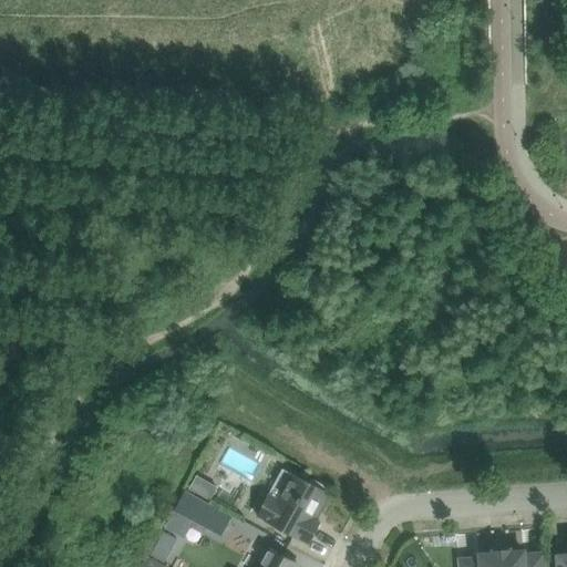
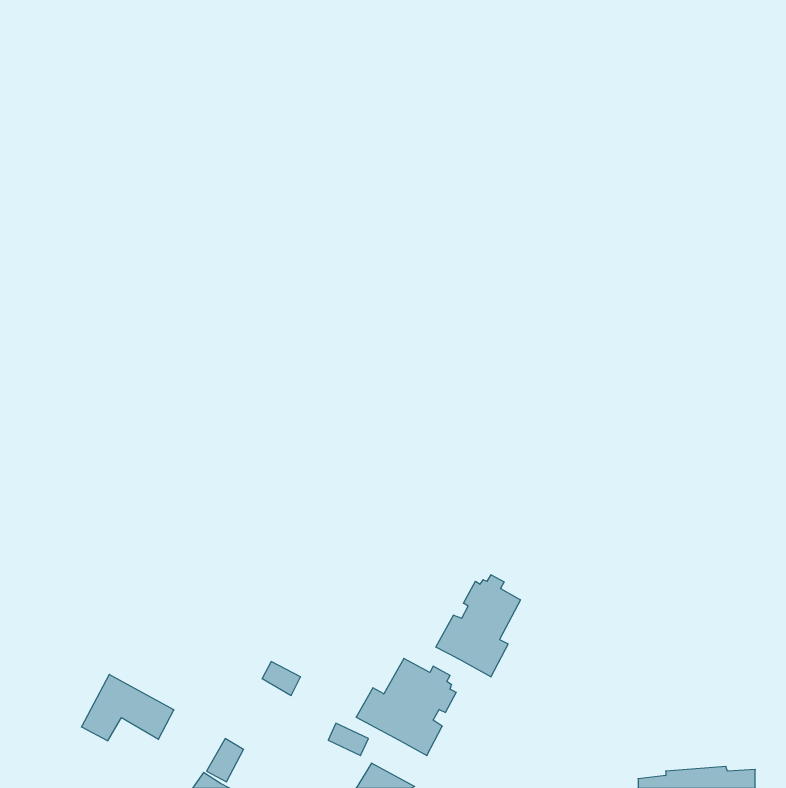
building: none -> [436,575,520,677]
building: [163,488,229,536] -> [81,674,174,741]

